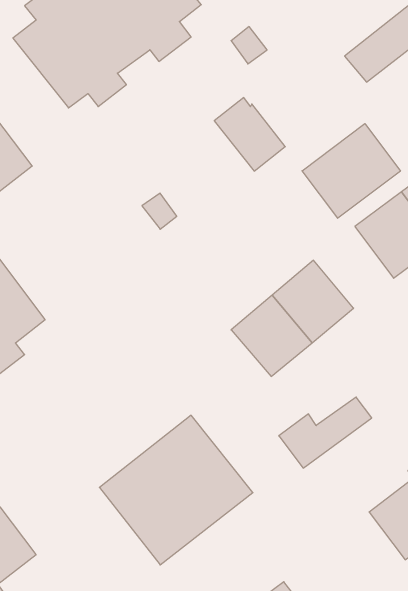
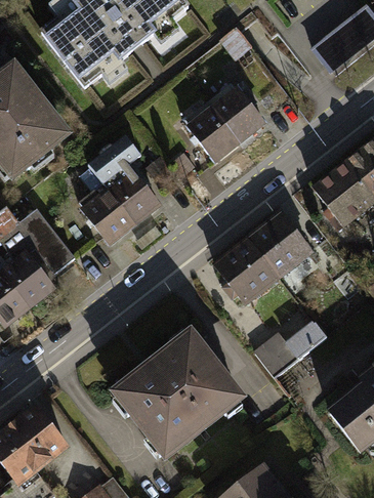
building: none -> [183,100,238,160]
building: [302,124,400,218] -> none
building: none -> [82,135,163,243]

